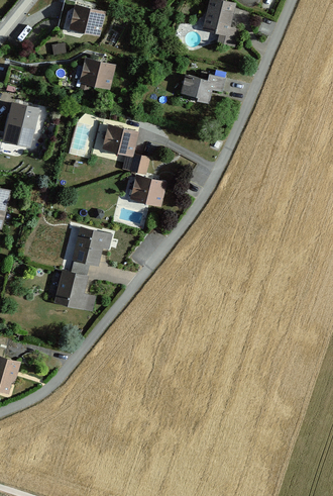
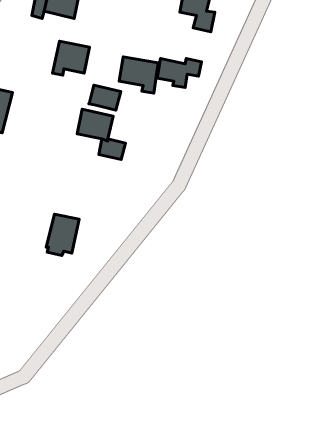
building: none -> [119,57,158,93]
building: none -> [89,85,121,110]
building: [129,175,165,206] -> none
building: [54,265,87,308] -> none

